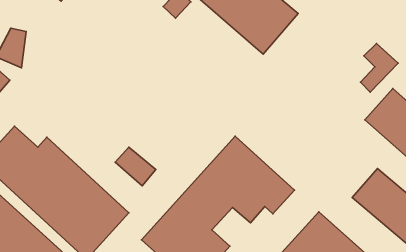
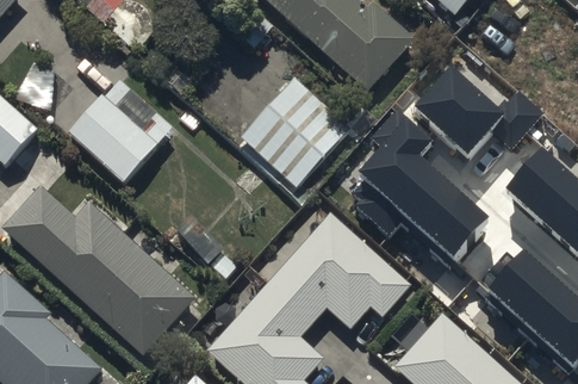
building: none -> [412,63,501,150]
building: none -> [63,82,168,188]
building: none -> [240,86,350,197]
building: none -> [356,118,486,254]

